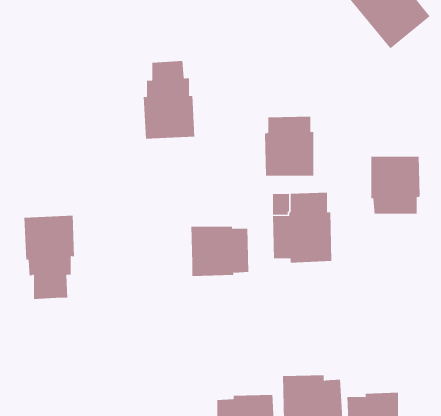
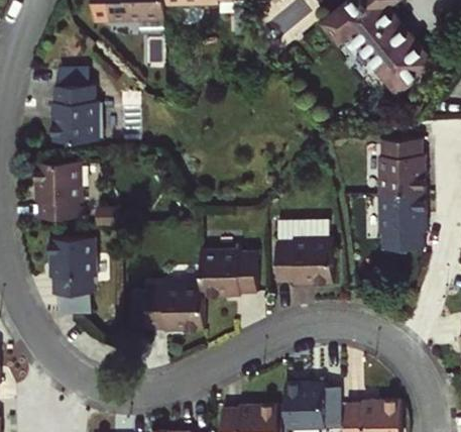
building: [143,60,195,139] -> [48,74,97,146]
building: [264,116,314,176] -> [370,132,417,188]
building: none -> [34,167,82,222]
building: none -> [134,287,207,334]

